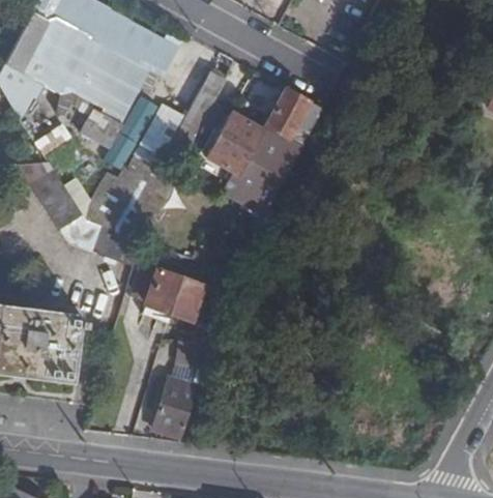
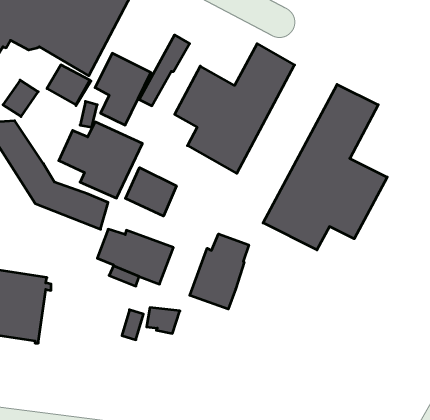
building: none -> [263,84,387,250]
building: none -> [125,168,176,216]
building: none -> [190,234,249,309]
building: [152,380,197,439] -> none

